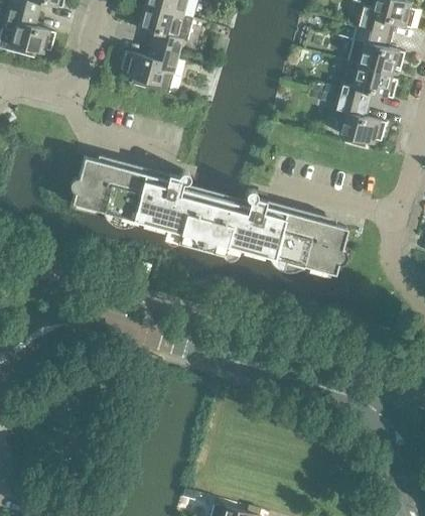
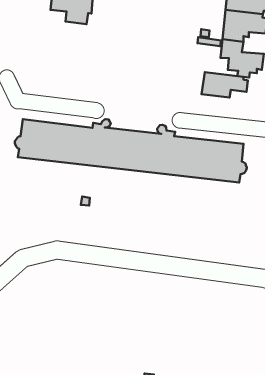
building: [120,47,178,95] -> none
building: none -> [202,72,248,97]

